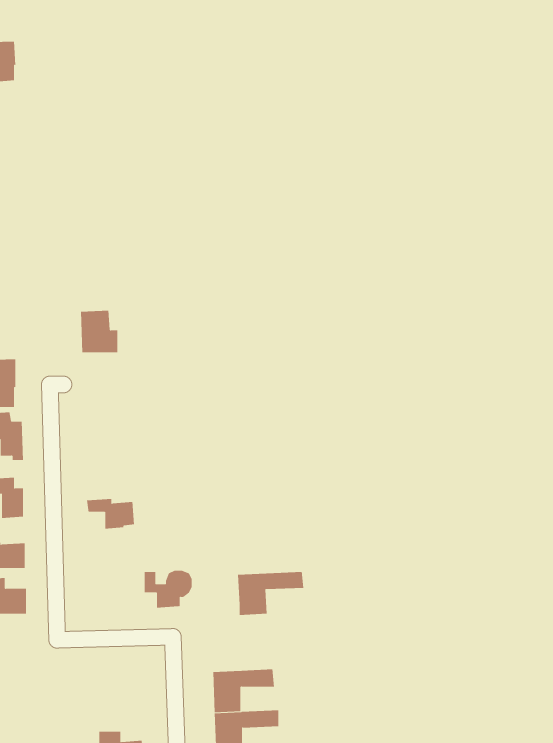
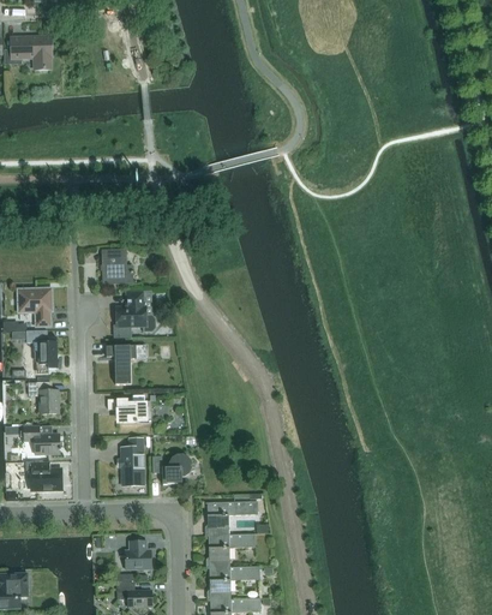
building: none -> [114,292,156,338]
building: none -> [106,346,137,384]
building: none -> [121,438,144,486]
building: [237,571,304,615] -> [205,501,258,536]
building: none -> [125,541,151,569]

